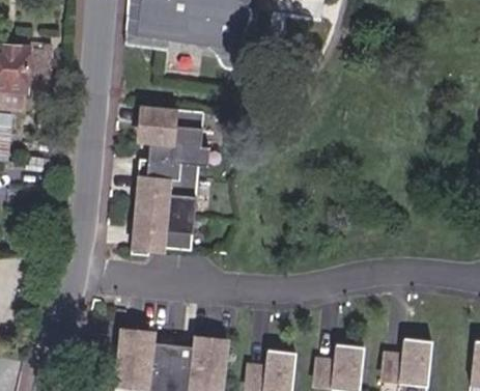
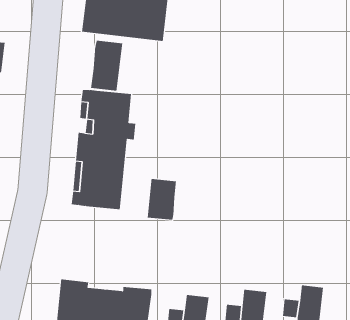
building: none -> [91,40,123,92]
building: none -> [147,178,177,221]

